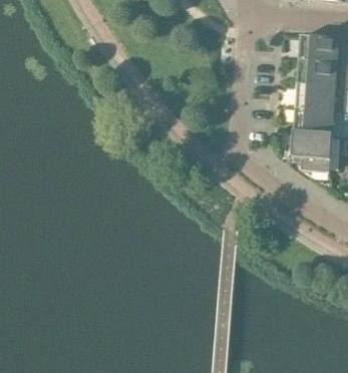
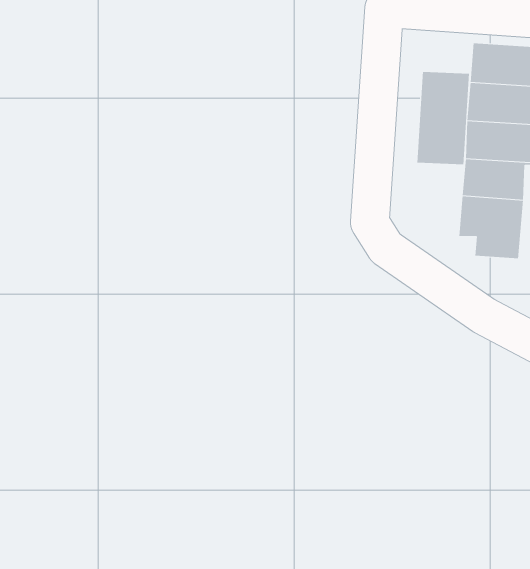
building: none -> [417,71,470,165]

